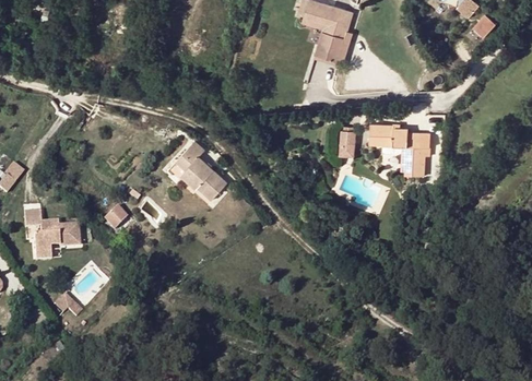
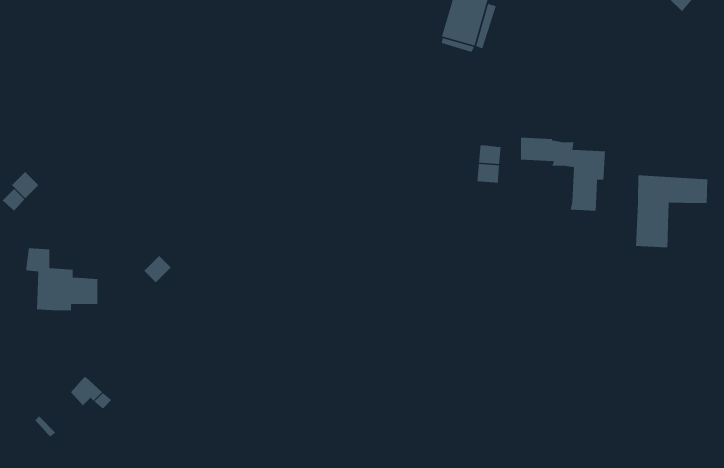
building: [176,141,227,201] -> none
building: none -> [635,175,708,249]

